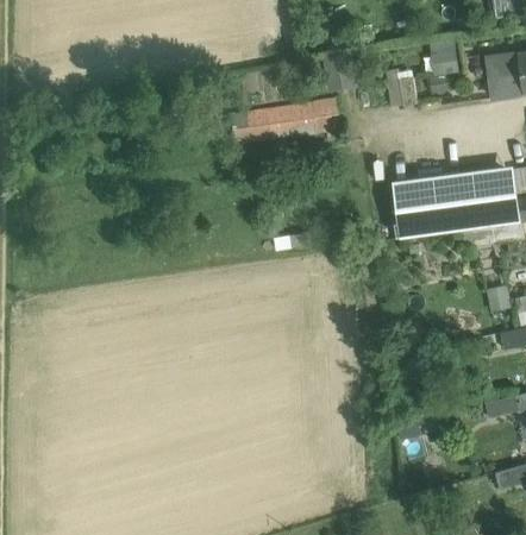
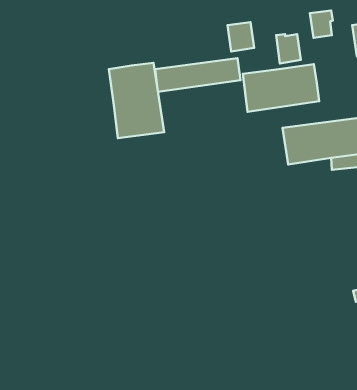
building: none -> [109,63,164,138]
building: none -> [243,64,319,112]

